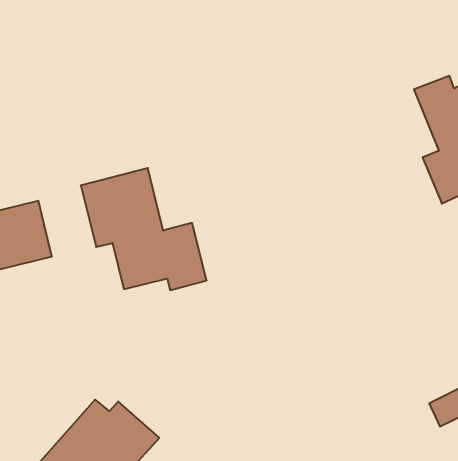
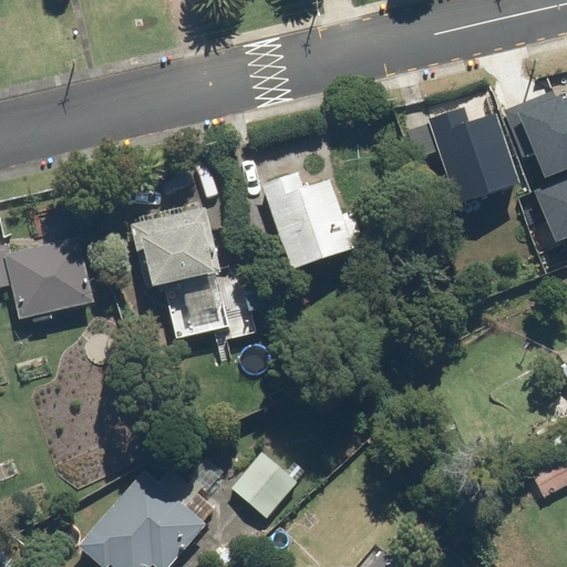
building: none -> [409,110,517,208]
building: none -> [240,171,368,271]
building: none -> [229,449,301,520]

